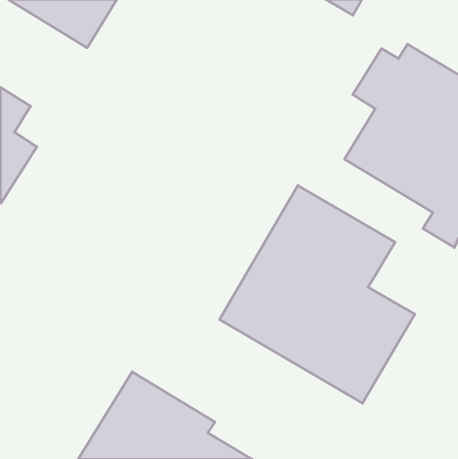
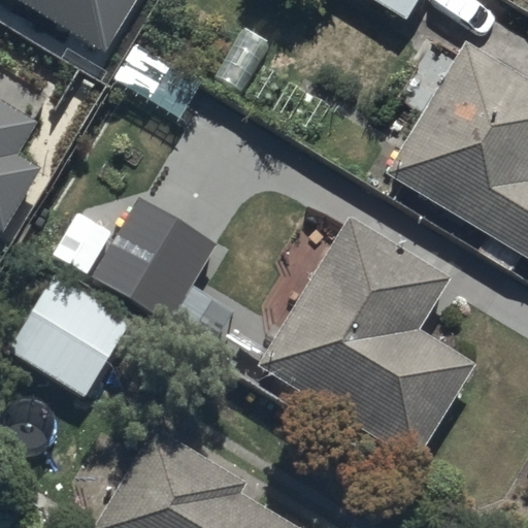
building: none -> [90,197,216,322]
building: none -> [7,272,132,397]

